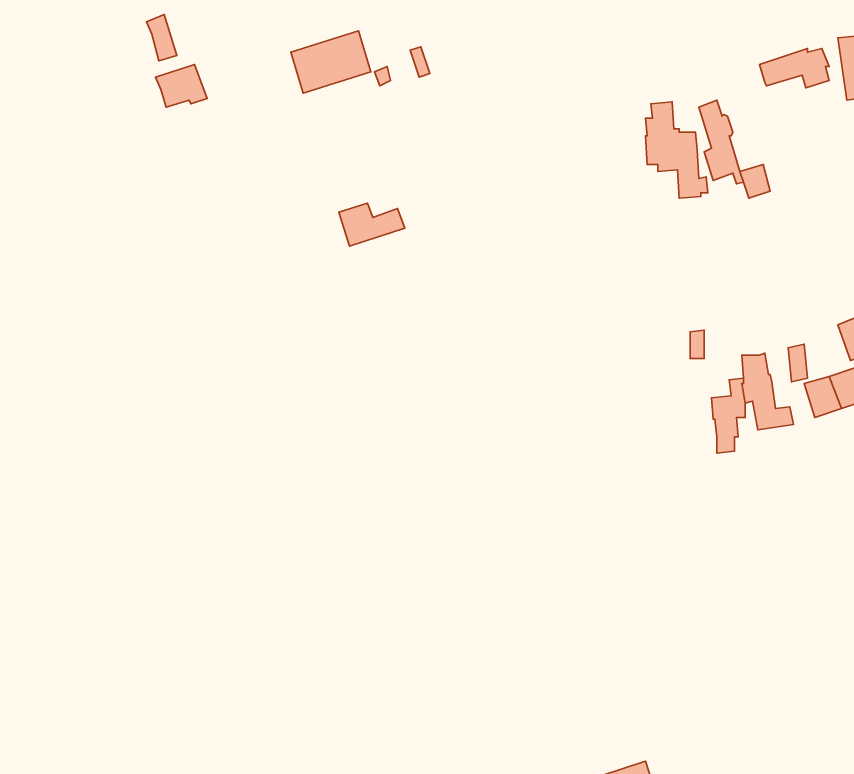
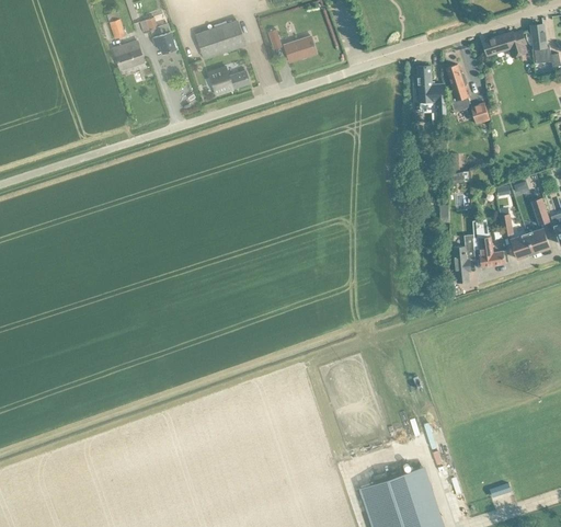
building: none -> [140,18,176,54]
building: none -> [284,36,317,62]
building: [339,203,405,246] -> [209,68,250,94]

